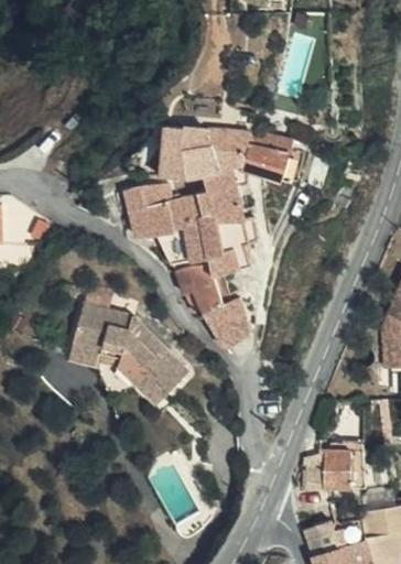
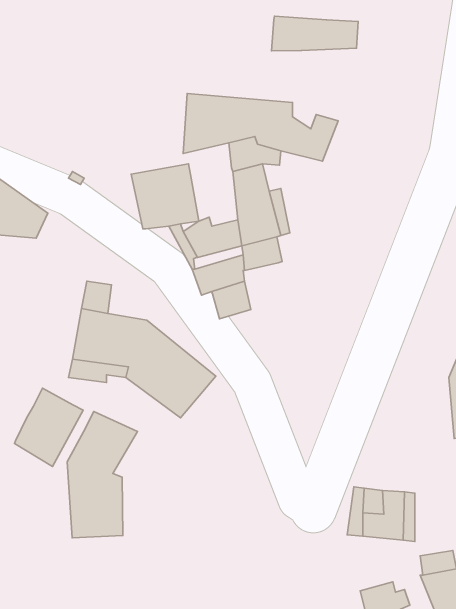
building: none -> [272,16,358,51]
building: [175,184,207,234] -> none
building: [192,300,241,347] -> none
building: none -> [15,388,83,466]
building: none -> [67,411,137,538]

